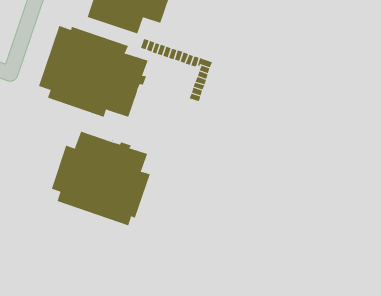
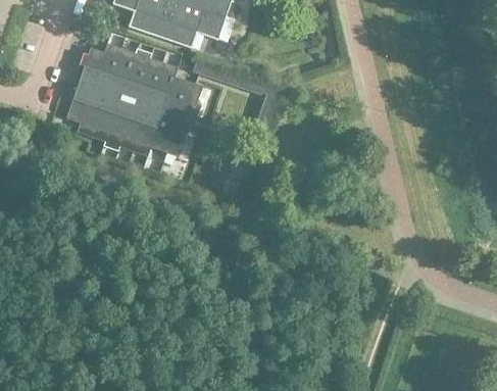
building: [51,131,151,226] -> none

